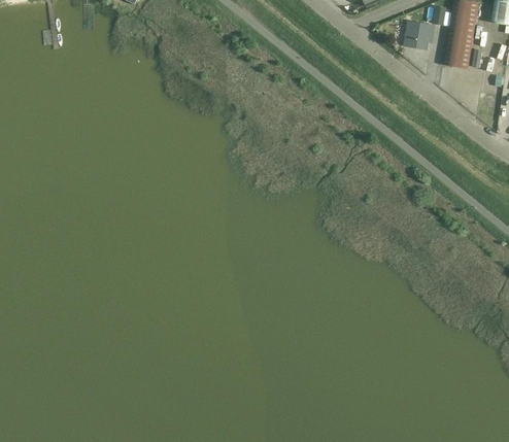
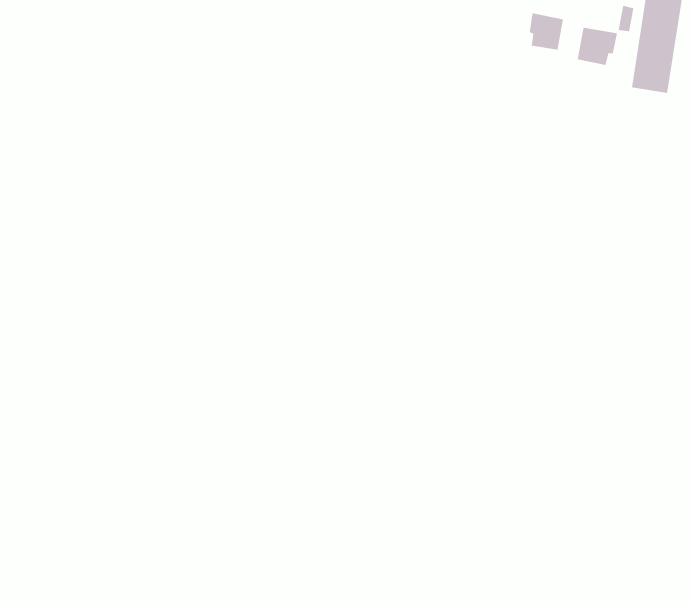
building: none -> [529,13,564,50]

